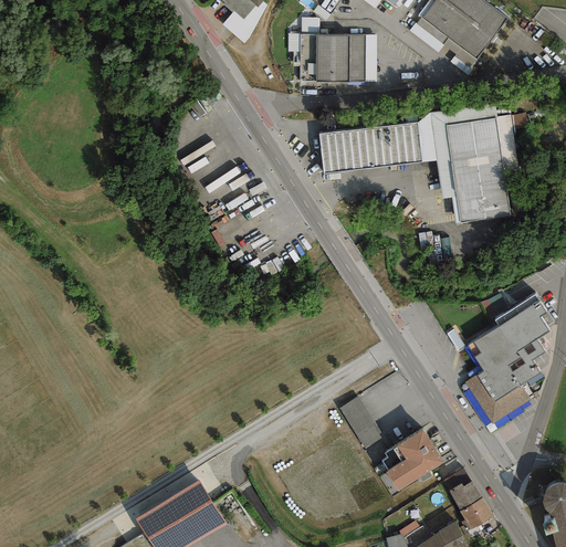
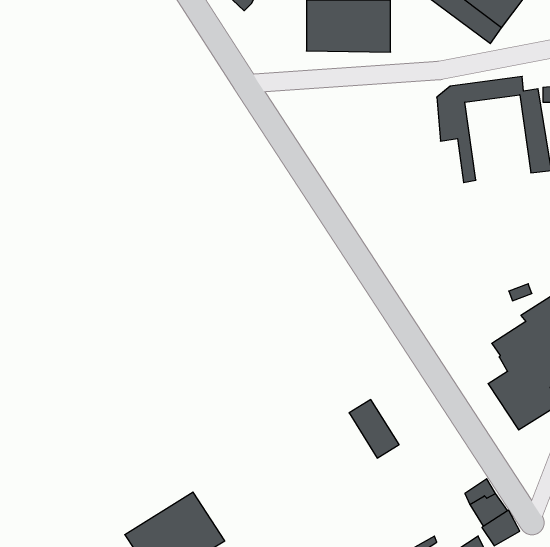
building: [443,119,506,223] -> none
building: [319,122,421,173] -> none
building: [381,429,443,491] -> none

